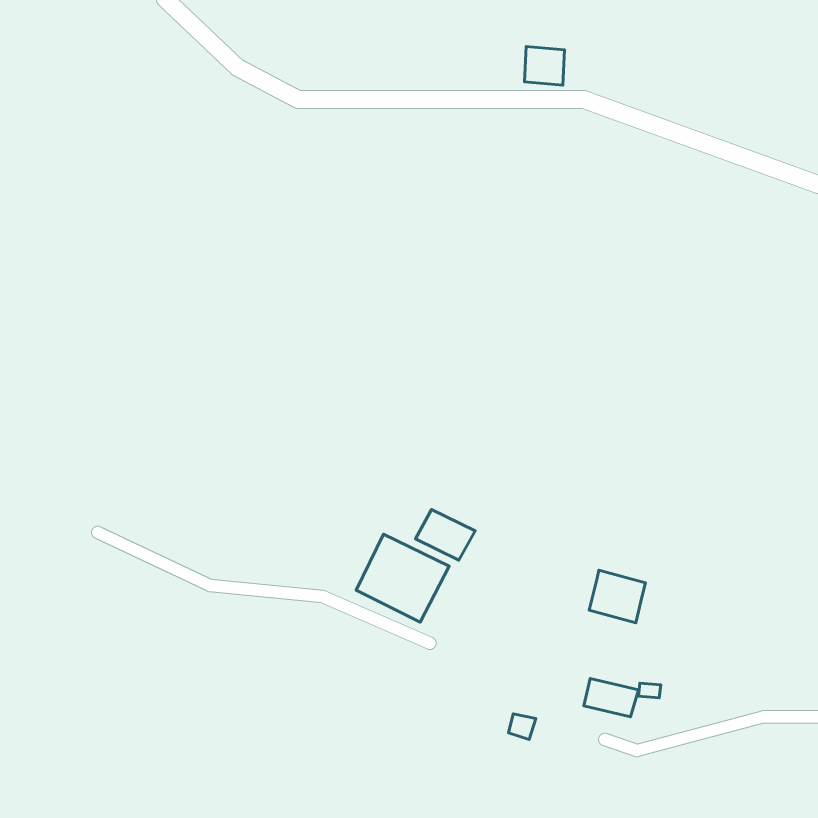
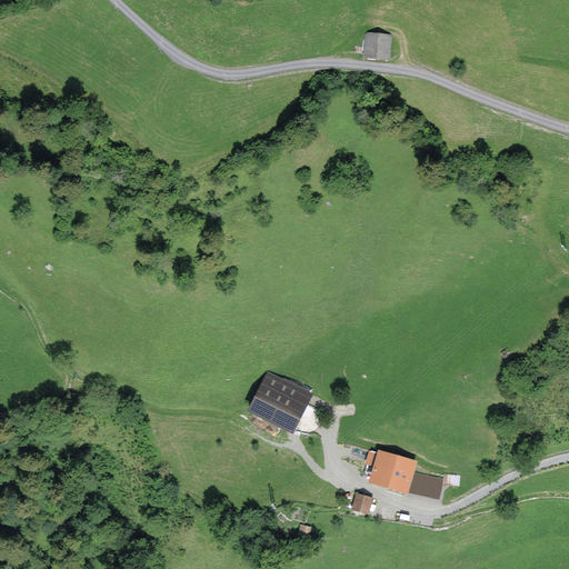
building: [415,510,475,560] -> none
building: [589,570,645,623] -> [372,452,411,489]

